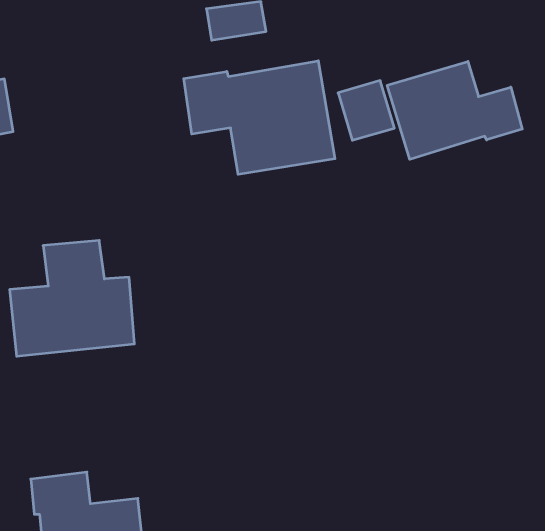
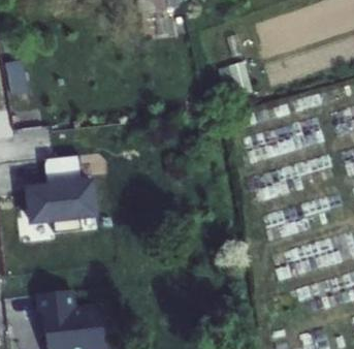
building: [184,61,335,174] -> none
building: [387,61,522,159] -> none

